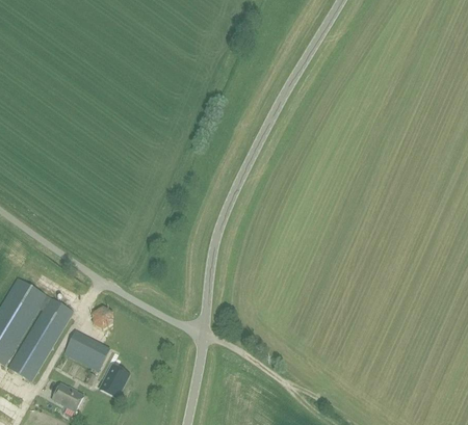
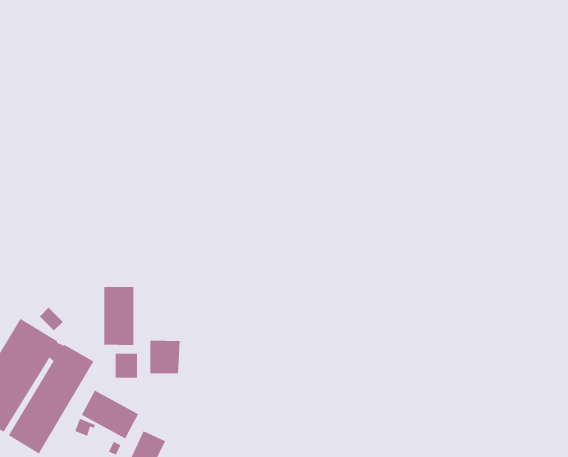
building: none -> [103,286,134,346]
building: none -> [149,340,180,374]

